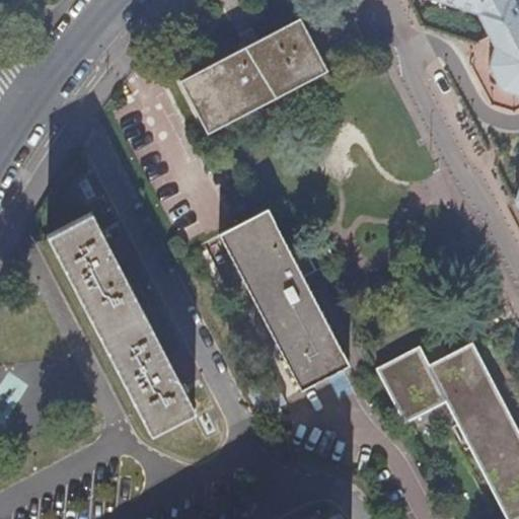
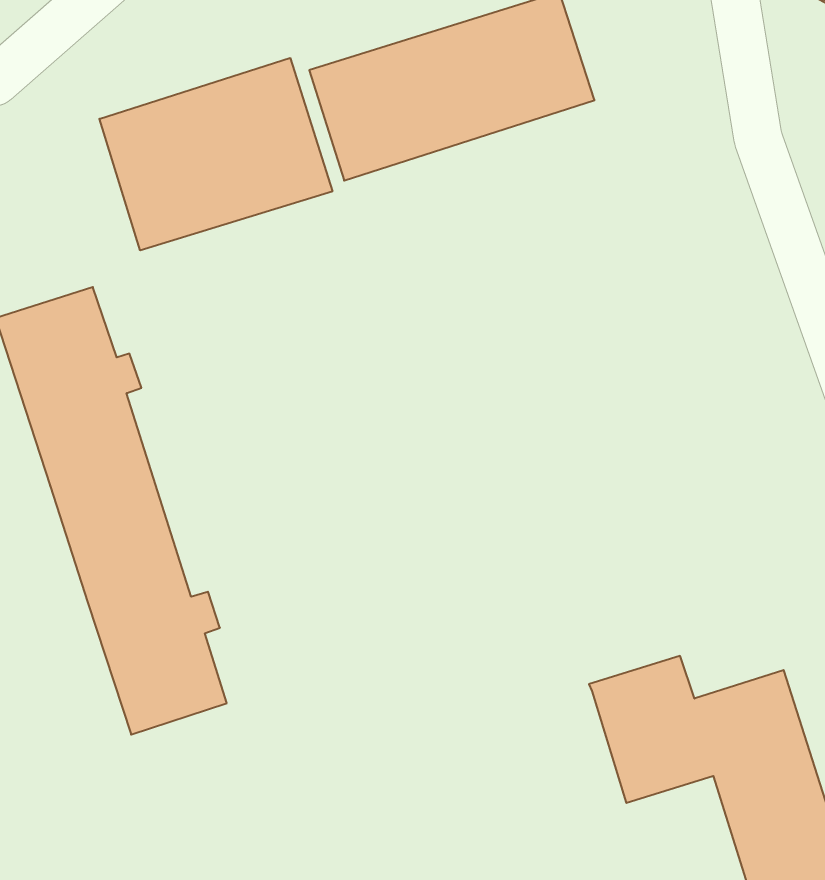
building: none -> [99,58,332,250]
building: [220,211,350,392] -> none

